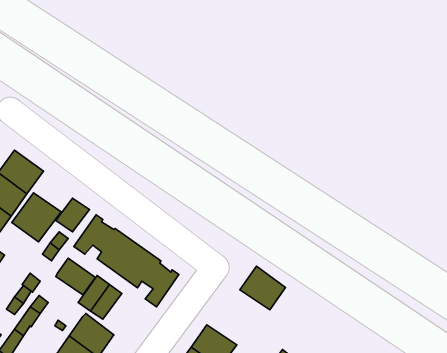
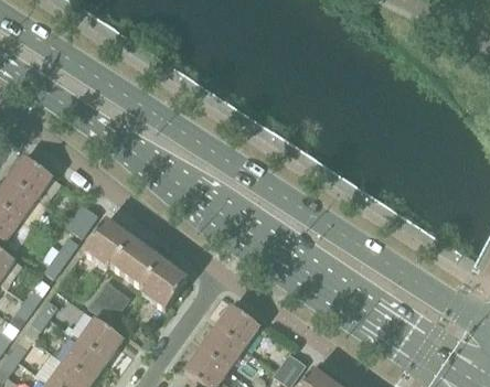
building: [12,193,61,242] -> none
building: [56,258,96,295] -> none
building: [240,266,286,310] -> [215,304,260,347]

